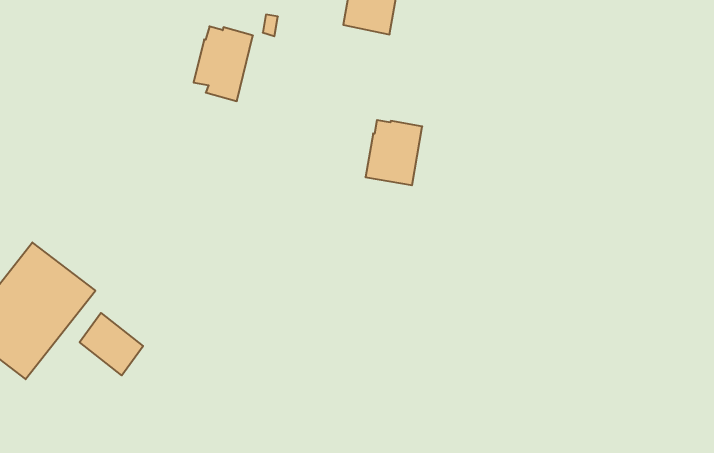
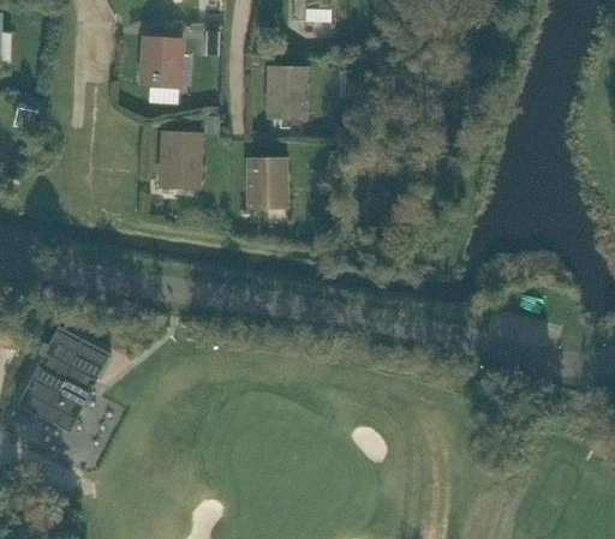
building: [365,120,422,185] -> [249,160,286,206]
building: [80,313,143,375] -> none

